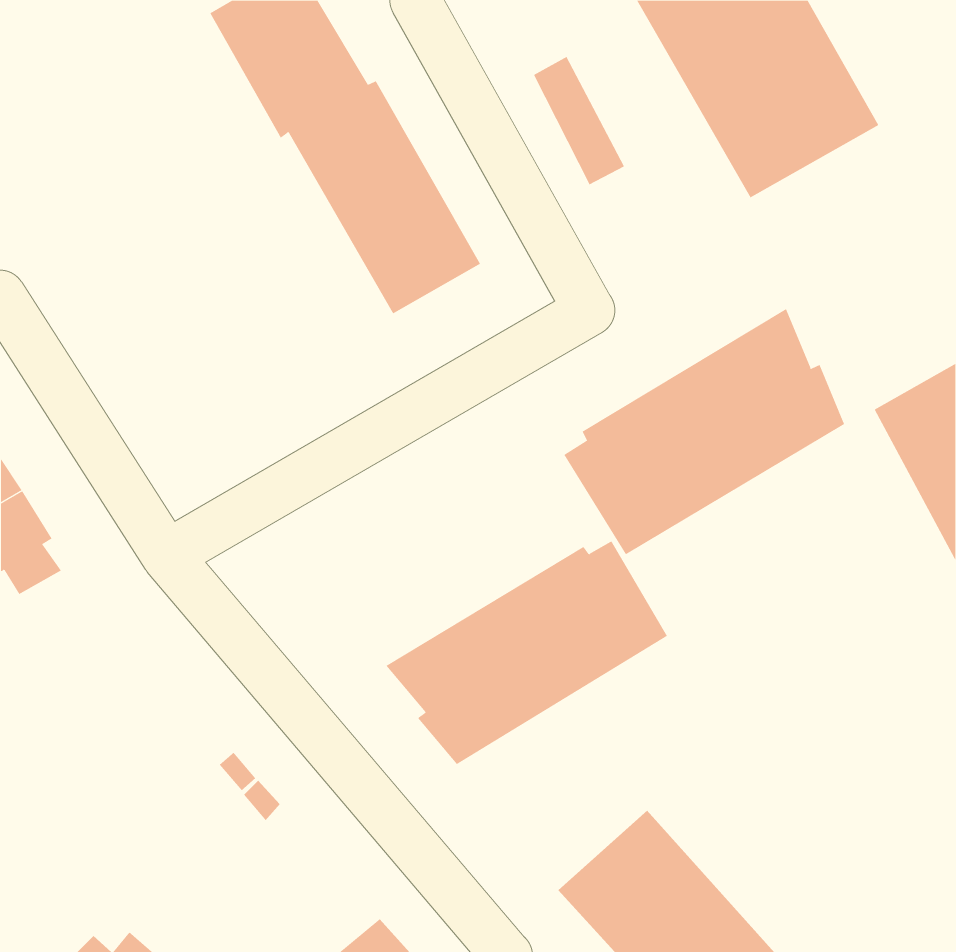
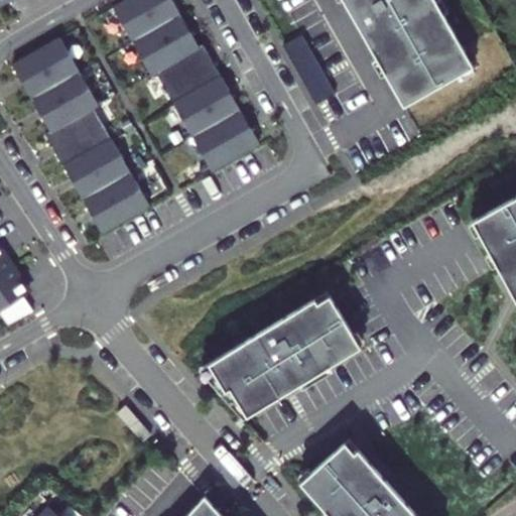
building: none -> [12,39,149,234]
building: [564,308,845,555] -> none

